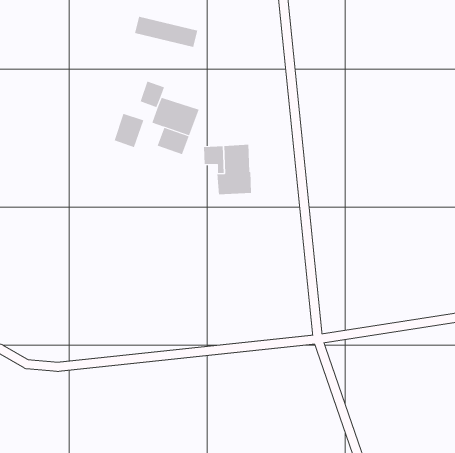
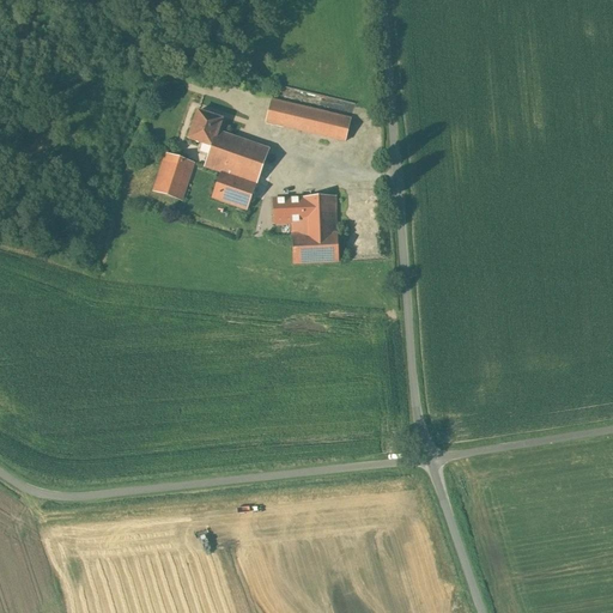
building: [134,16,198,47] -> [265,97,351,139]

